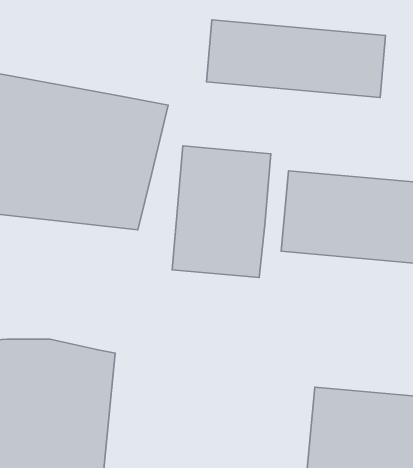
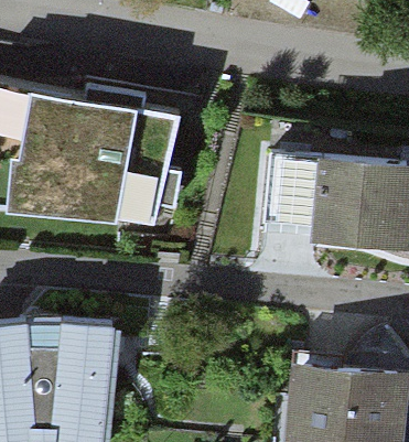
building: [207,20,385,97] -> none
building: [172,146,271,277] -> none

